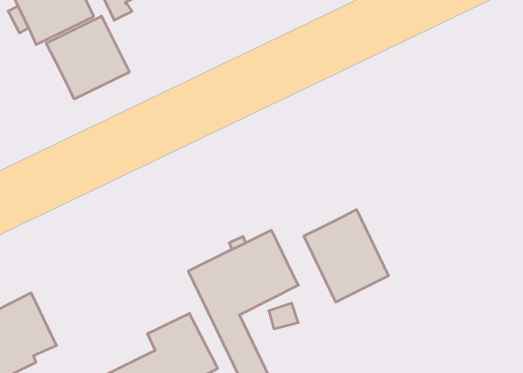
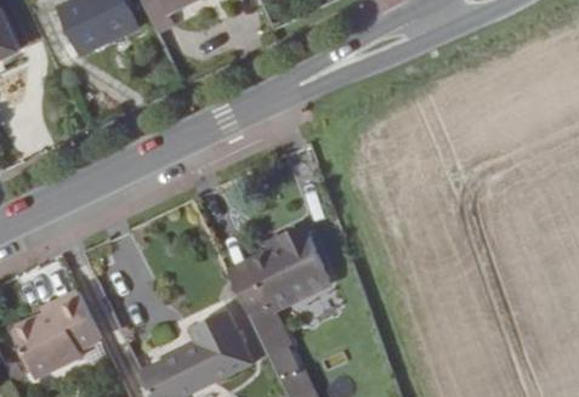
building: [46,16,129,99] -> none
building: [304,210,389,302] -> none

